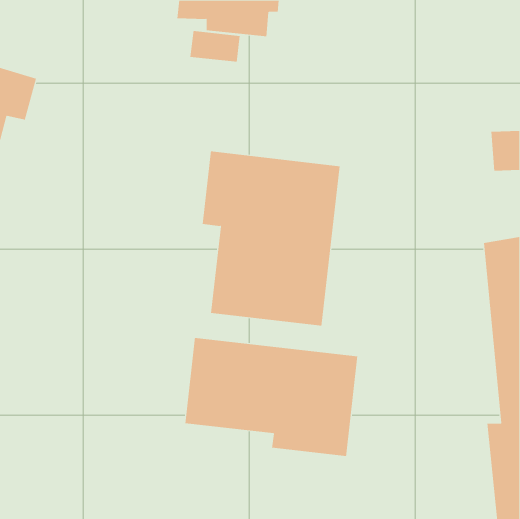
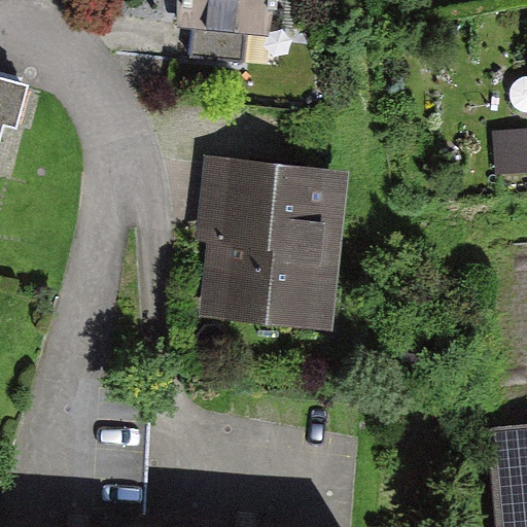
building: [185,337,358,457] -> none

